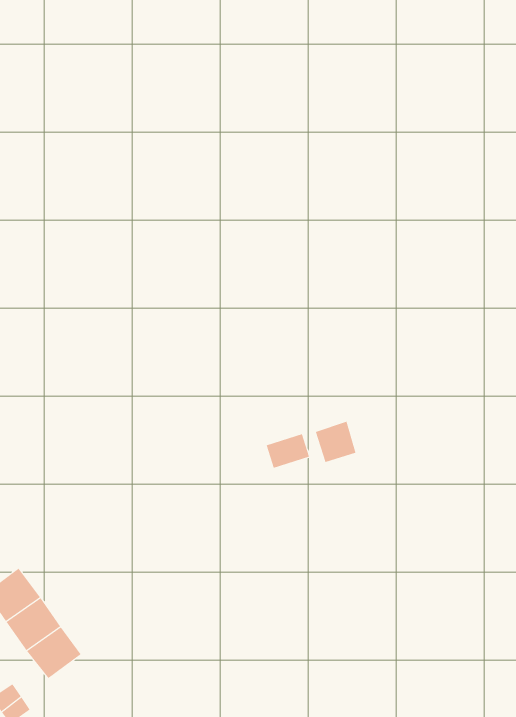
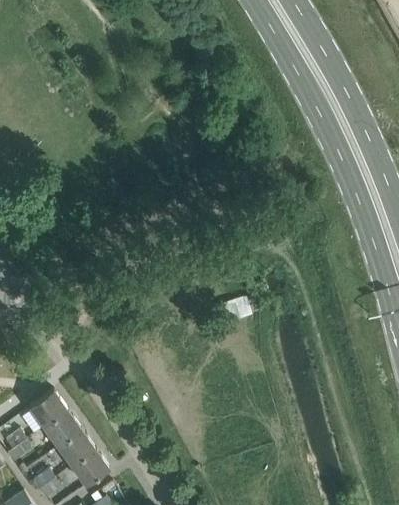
building: [315,421,356,463] -> none
building: none -> [72,450,109,487]

